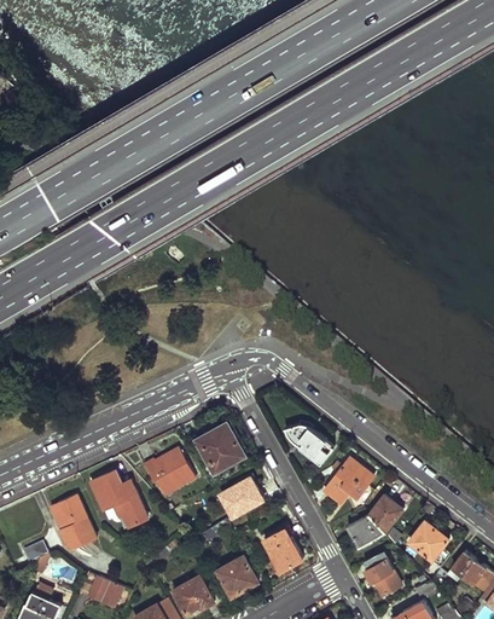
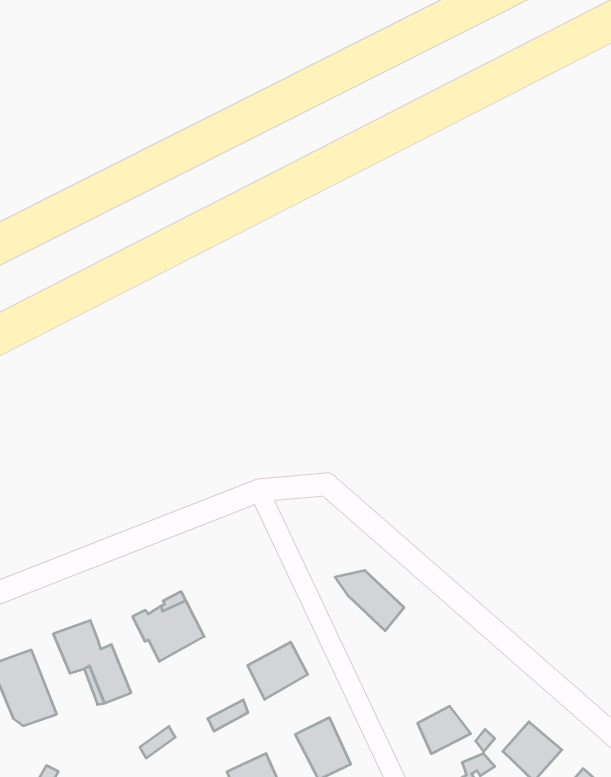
building: [192,423,244,486] -> none
building: [324,458,372,504] -> none
building: [368,494,402,532] -> none

